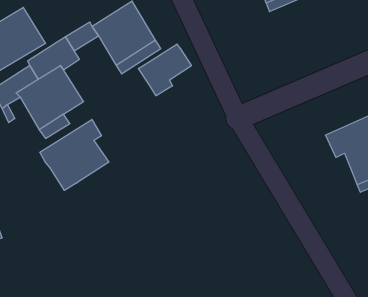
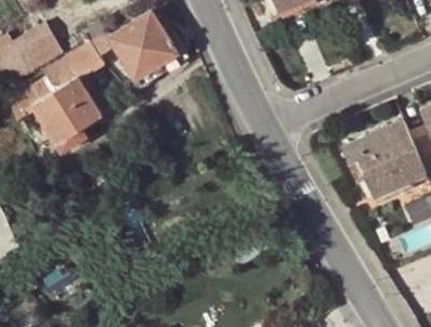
building: [138,44,191,96] -> none
building: [40,119,109,190] -> none

